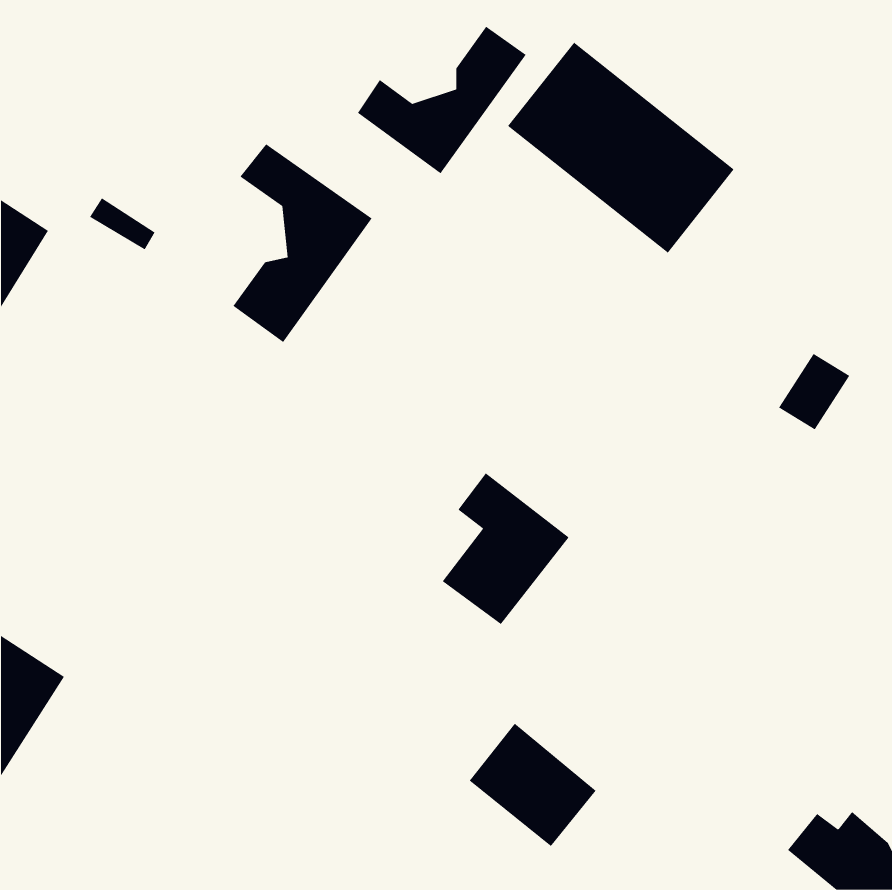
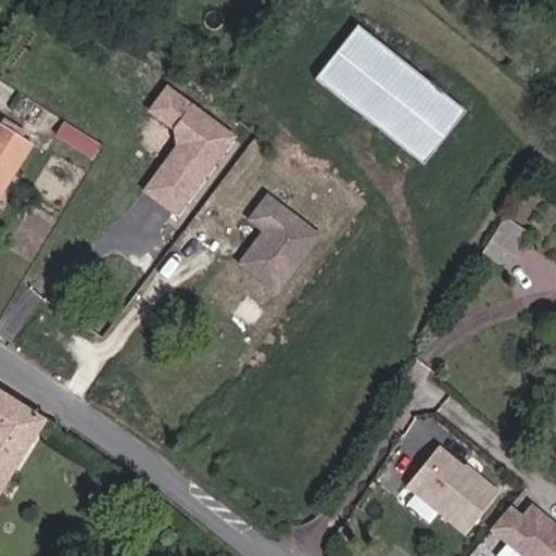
building: [357,26,526,174] -> none
building: [442,473,570,625] -> [241,193,320,288]
building: [469,723,597,847] -> [416,453,495,530]

